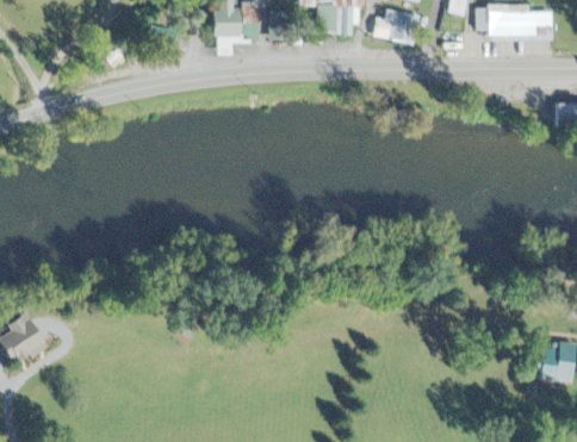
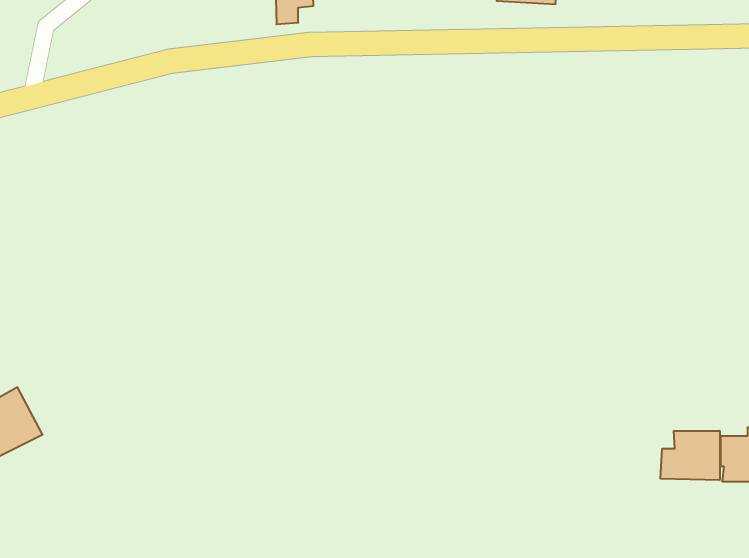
building: none -> [661,431,720,480]

